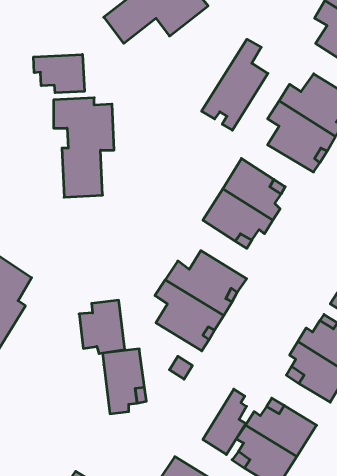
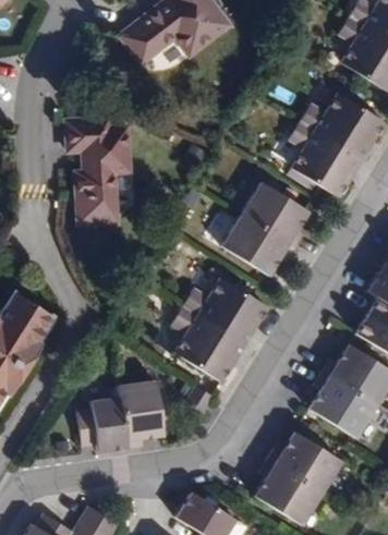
building: [202,39,268,130] -> none
building: [34,54,84,93] -> none
building: [79,300,125,354] -> [78,397,126,452]
building: [203,389,247,455] -> none

